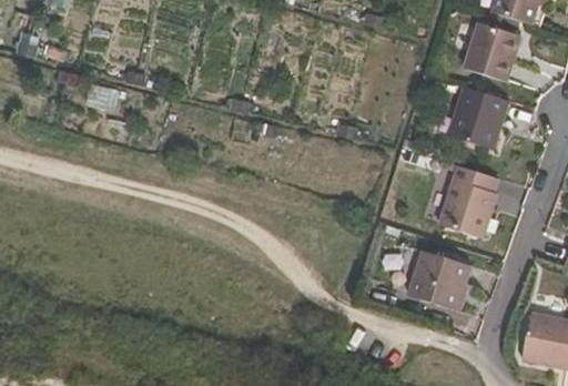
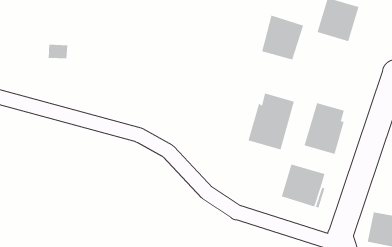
building: [447,84,506,148] -> [261,15,304,61]
building: none -> [248,93,295,151]

